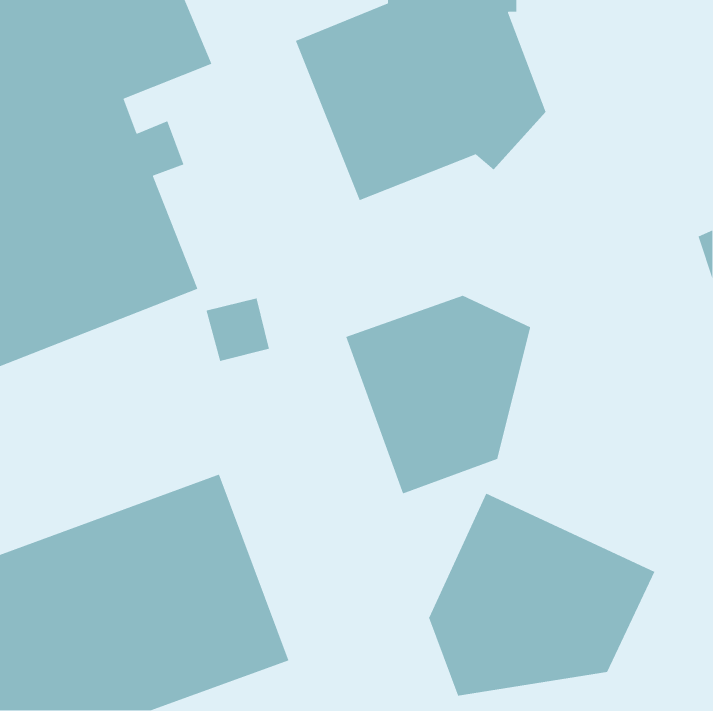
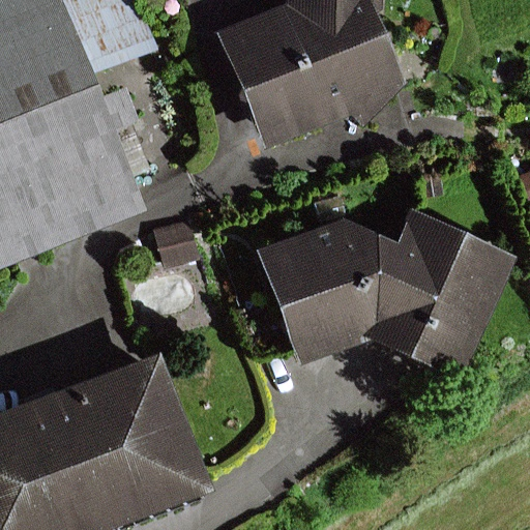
building: none -> [369,207,517,382]
building: [428,492,655,696] -> none

